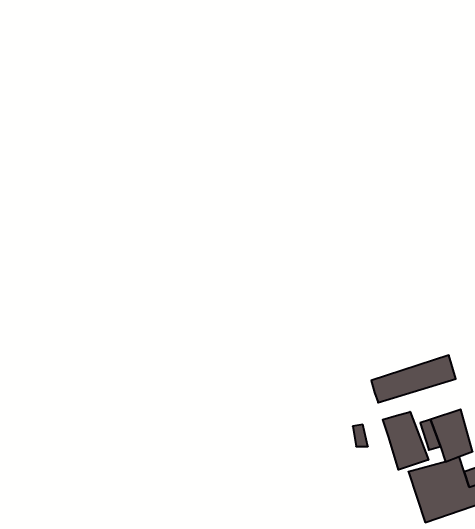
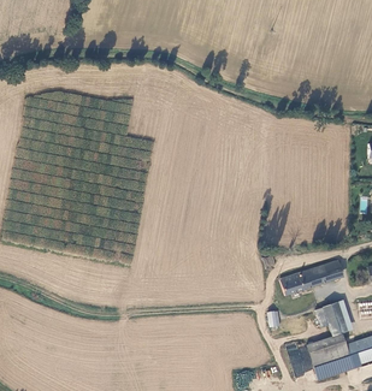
building: [383,412,428,470] -> none

